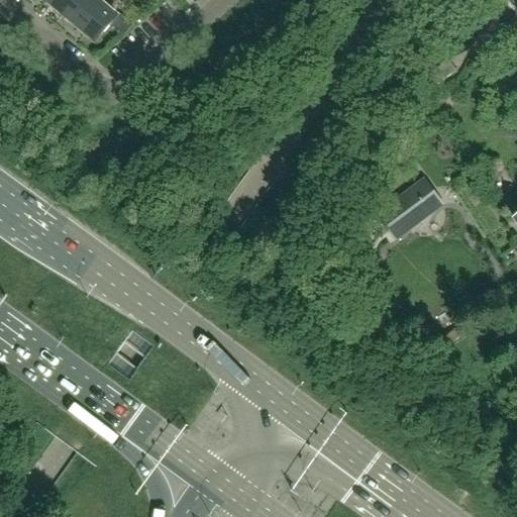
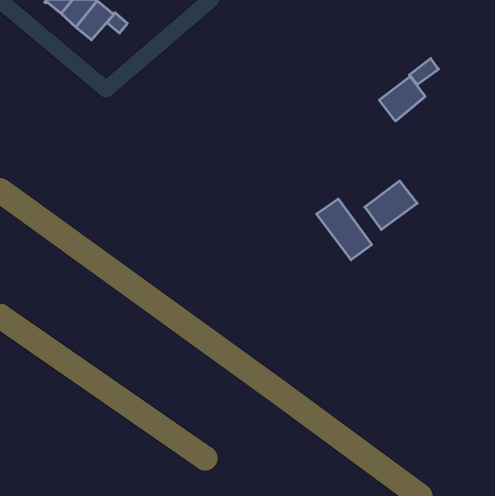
building: none -> [379,76,425,121]
building: none -> [317,199,372,260]

